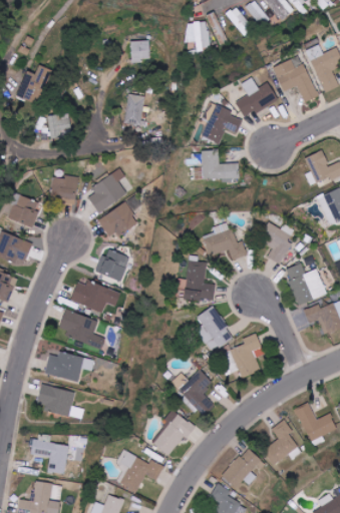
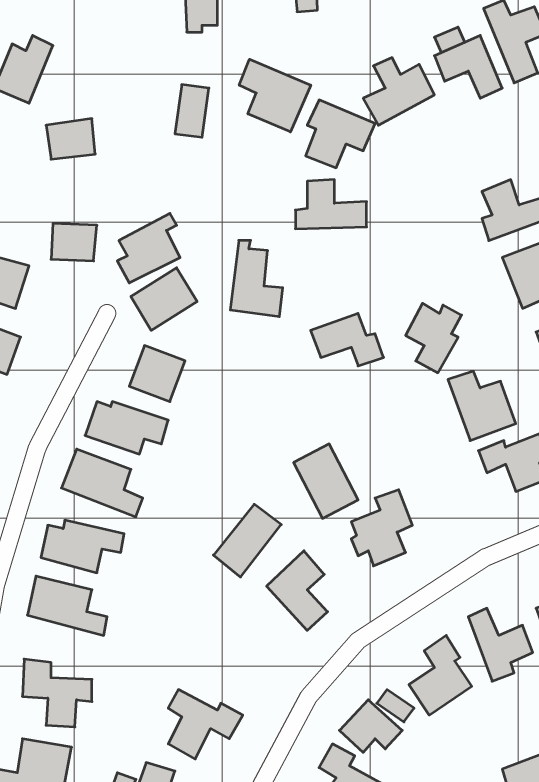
building: none -> [239,59,311,132]
building: [184,256,215,302] -> [230,240,283,317]
building: [152,414,193,457] -> [213,504,281,577]

